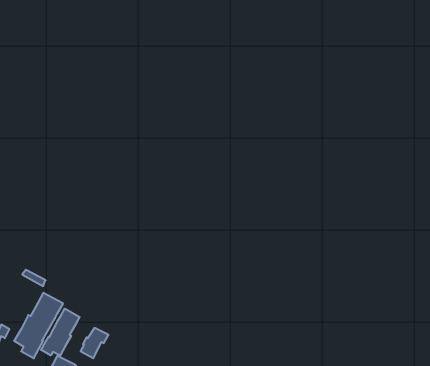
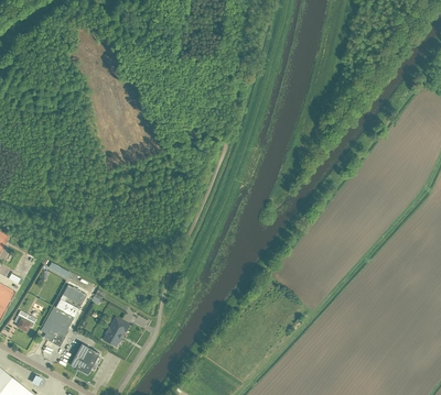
building: [41,309,80,356] -> none

